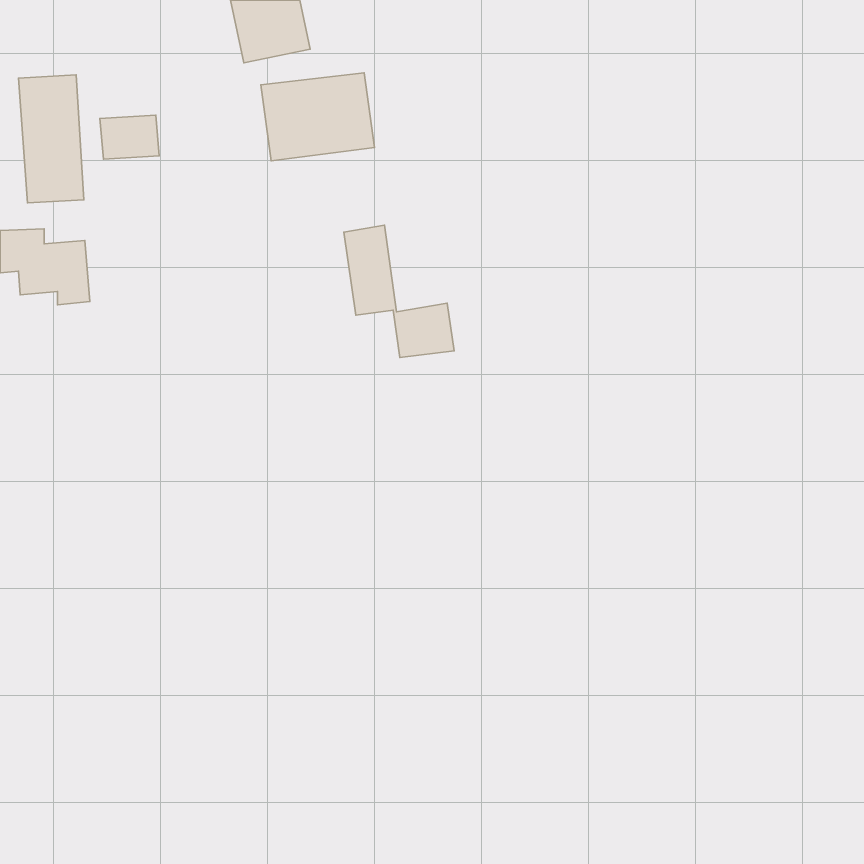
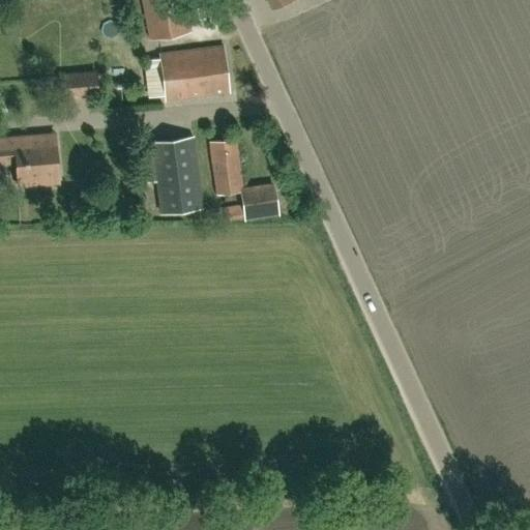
building: [19,75,84,203] -> none
building: none -> [152,138,202,212]

